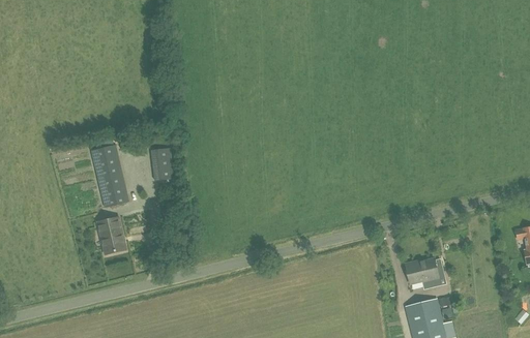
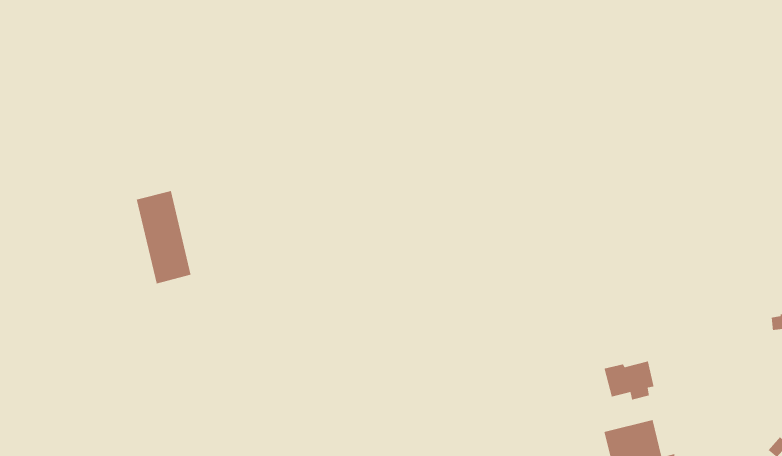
building: [150,147,173,180] -> none
building: [96,216,125,253] -> none

